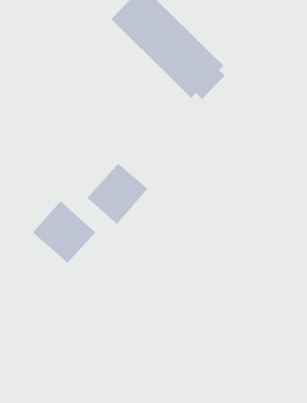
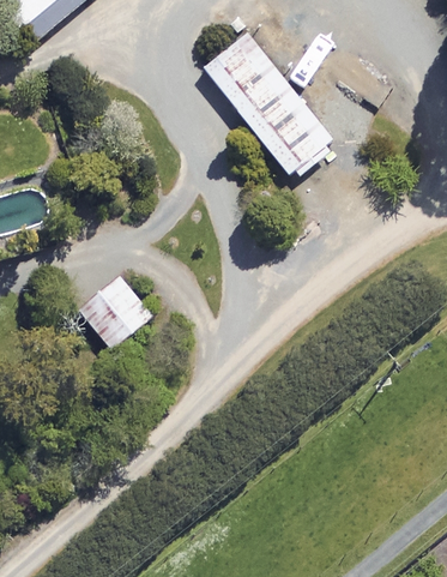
building: [87,163,149,225] -> none

